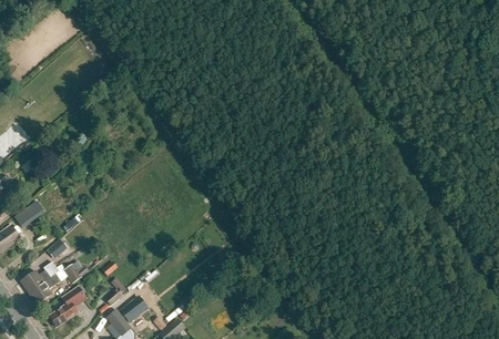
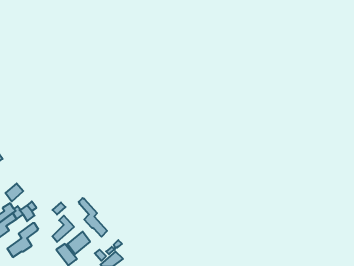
building: none -> [79,198,107,237]

